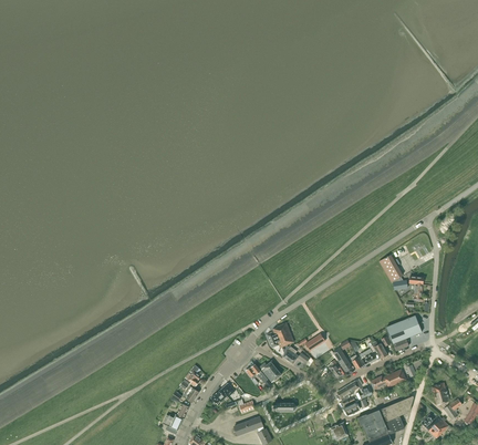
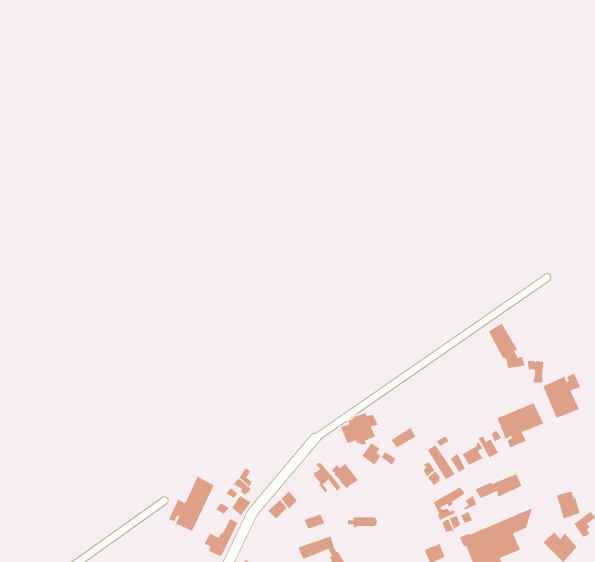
building: none -> [542,372,581,419]
building: none -> [168,476,215,532]

